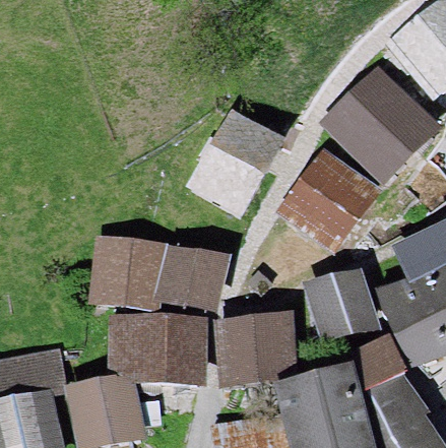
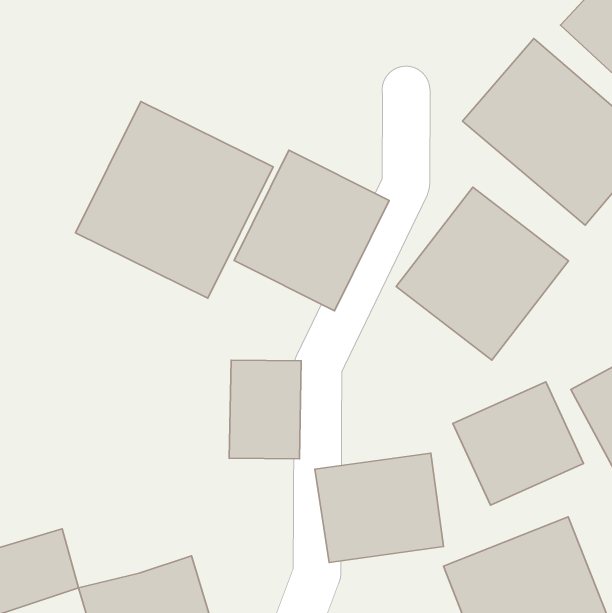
building: none -> [76,102,273,298]
building: [95,236,174,305] -> none
building: [106,315,217,380] -> none

